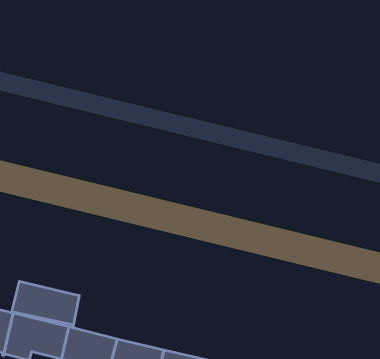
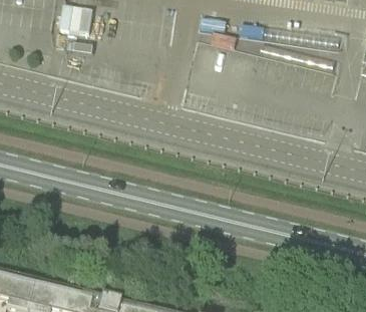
building: [12,281,79,328] -> none

